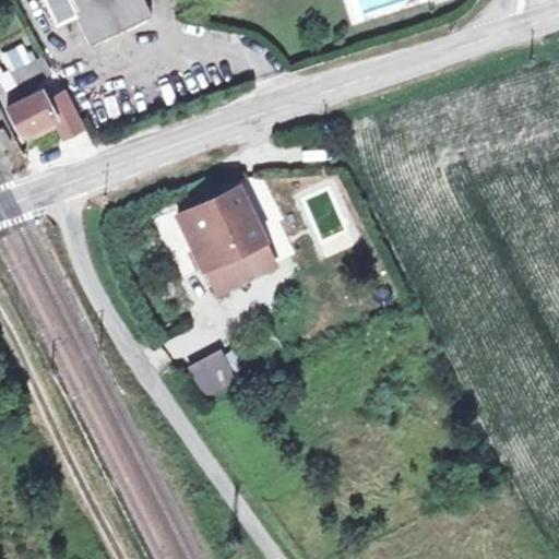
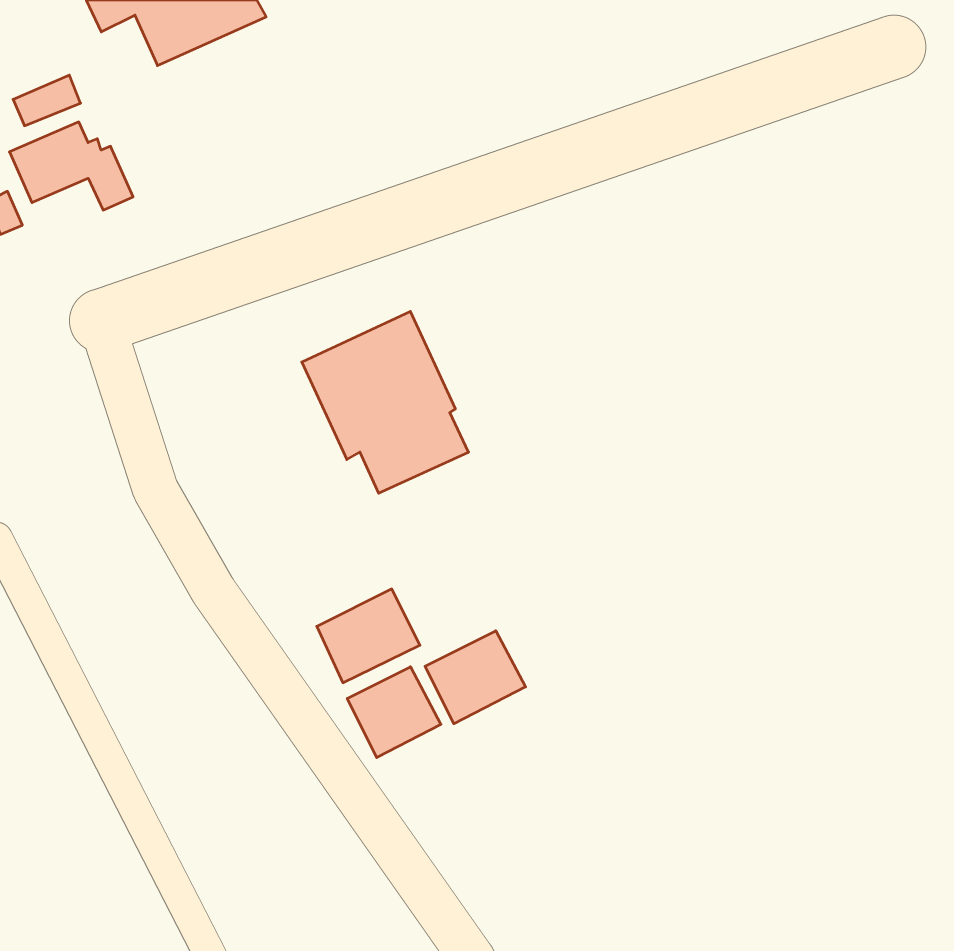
building: none -> [425,631,526,724]
building: none -> [347,667,441,758]

